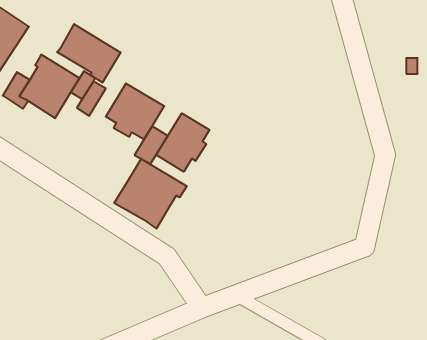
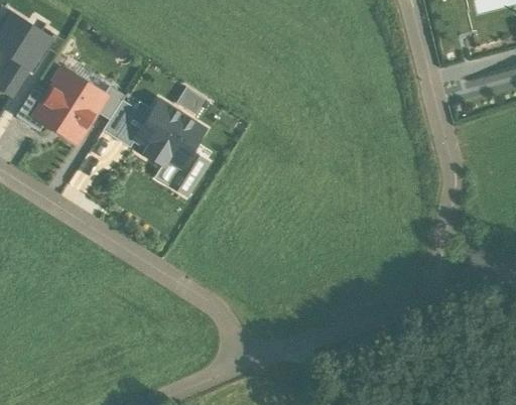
building: [57,24,121,83] -> none
building: [156,113,209,172] -> none
building: [114,159,187,229] -> none

